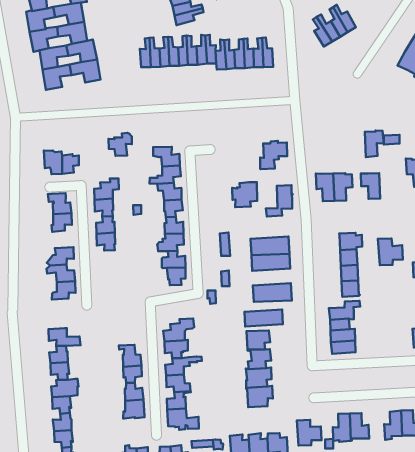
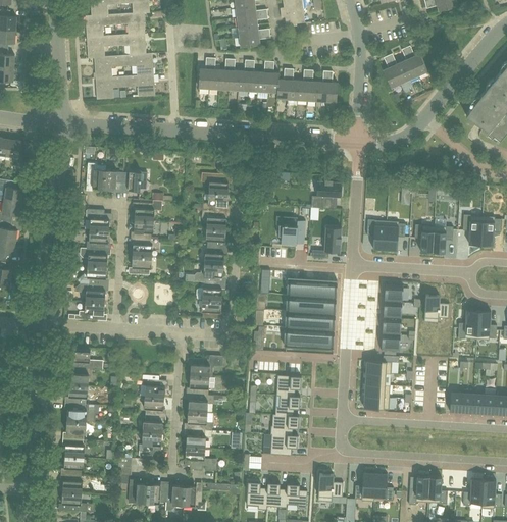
building: [365,131,384,157] -> [432,226,452,253]
building: [109,133,132,156] -> [121,168,147,192]
building: none -> [80,248,106,267]
building: [244,310,283,326] -> [289,313,329,330]

